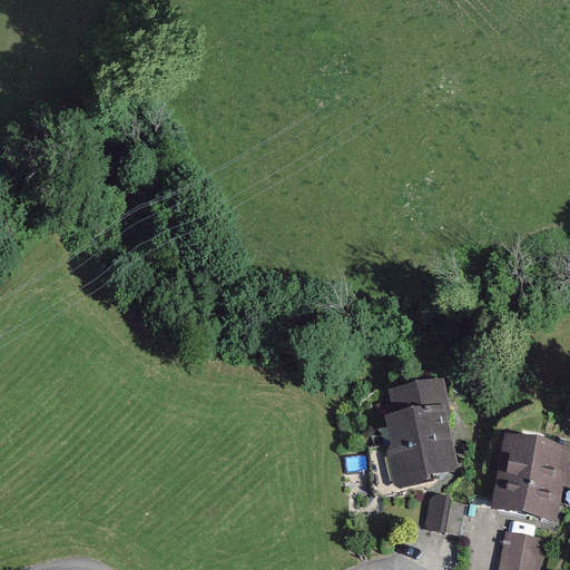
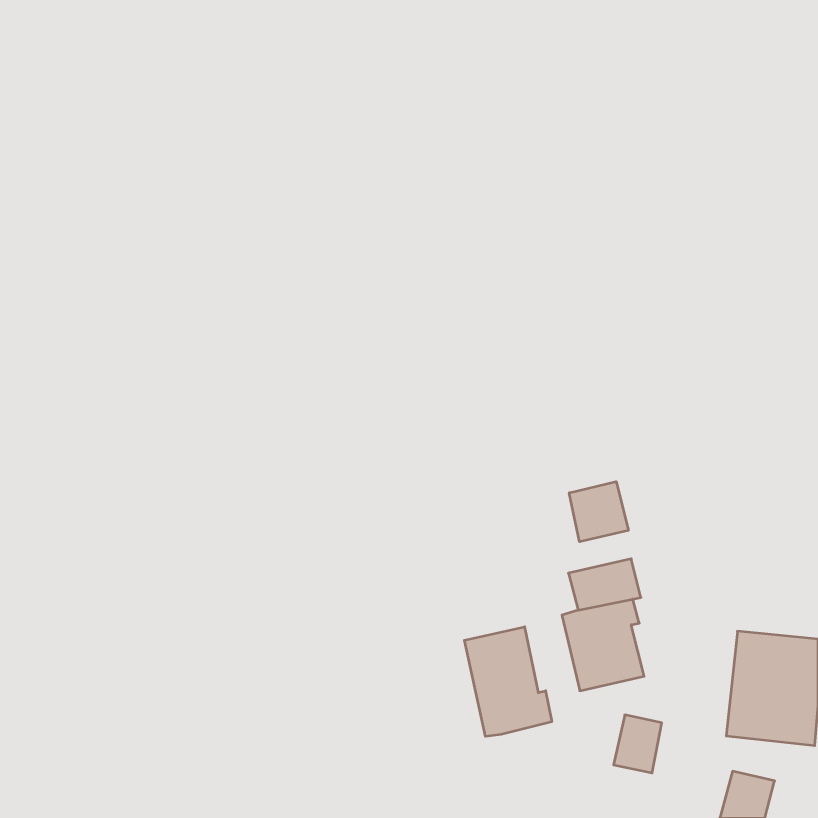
building: none -> [569,482,628,542]
building: none -> [464,627,552,736]

